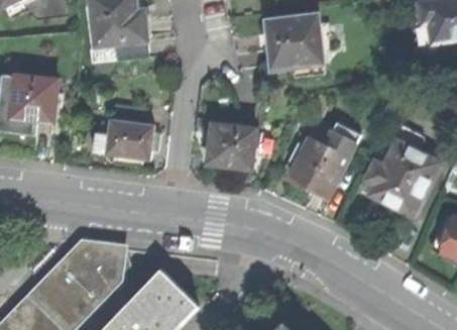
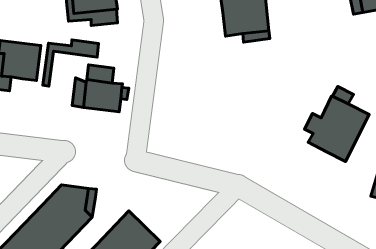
building: none -> [43,40,98,86]
building: [207,122,254,166] -> none
building: [288,135,352,194] -> none

